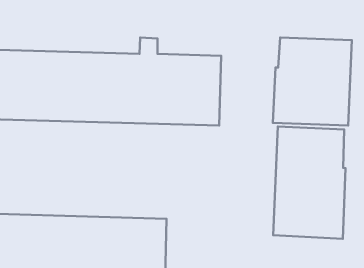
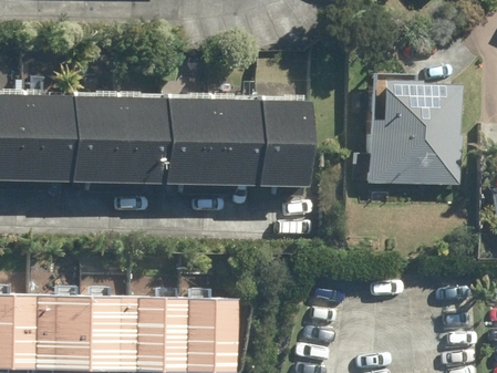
building: [273,126,346,239] -> none

